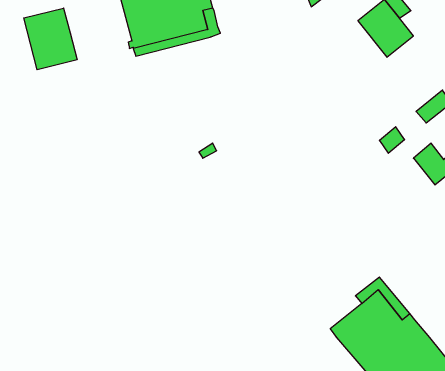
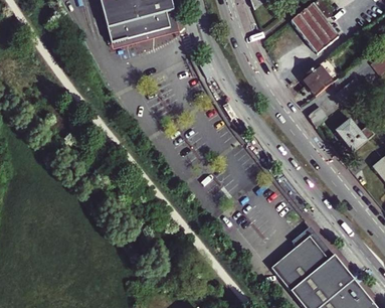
building: [24,8,77,70] -> none
building: none -> [302,64,333,96]

